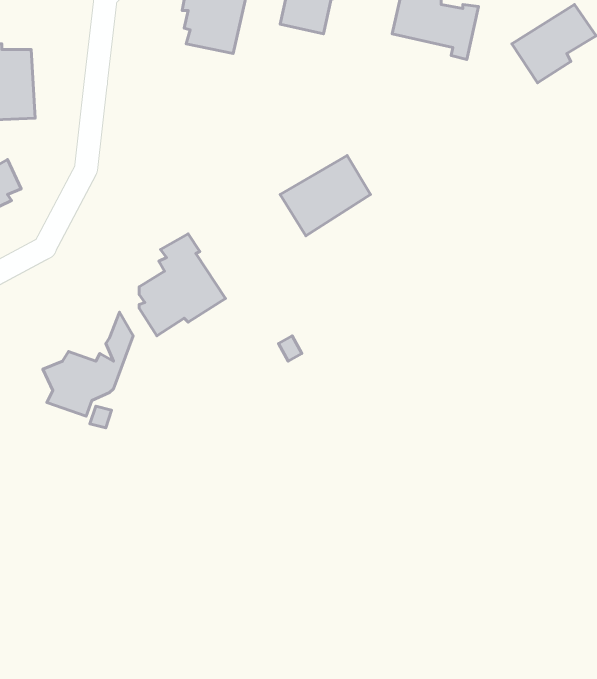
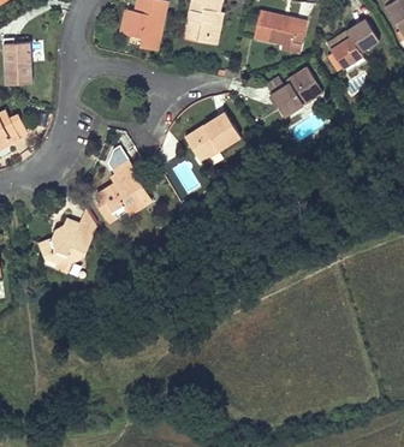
building: none -> [267,66,322,114]

